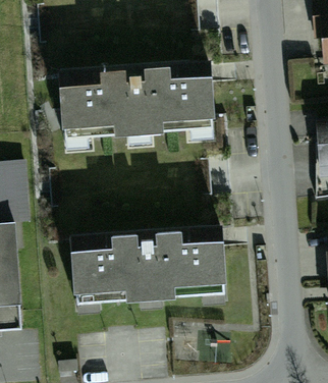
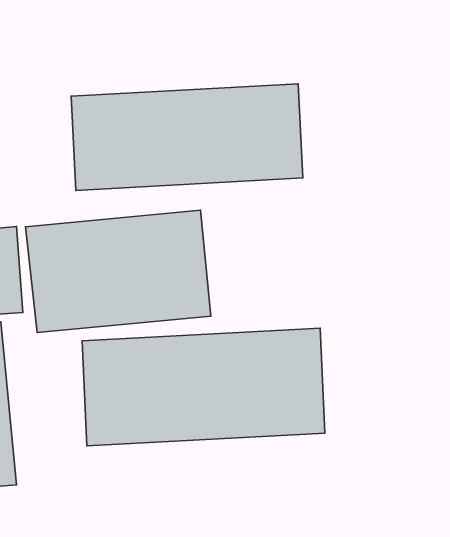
building: none -> [25,210,211,333]

